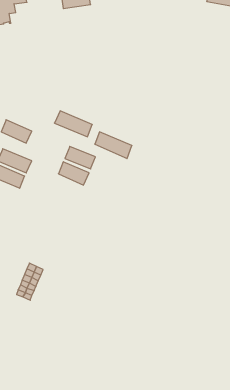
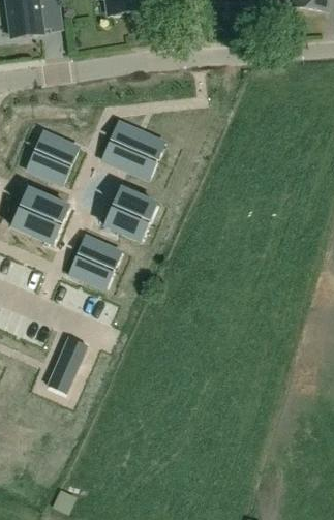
building: none -> [38,136,78,165]
building: [95,132,132,159] -> [108,124,155,158]
building: none -> [77,237,116,267]
building: none -> [68,256,108,286]

